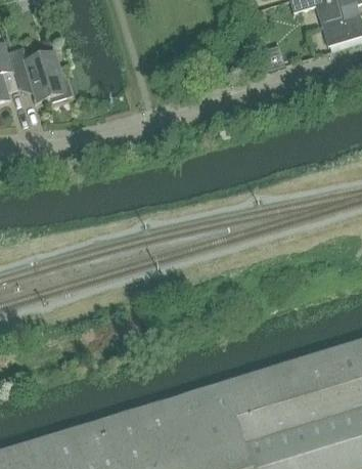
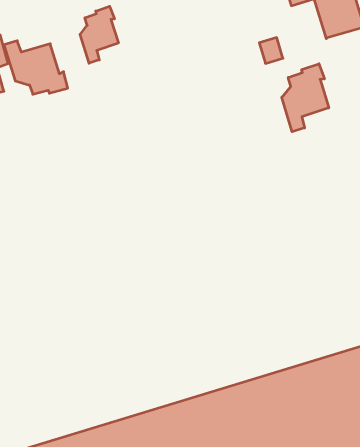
building: none -> [80,6,118,63]
building: none -> [282,64,329,132]

